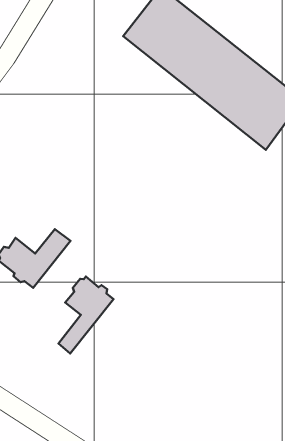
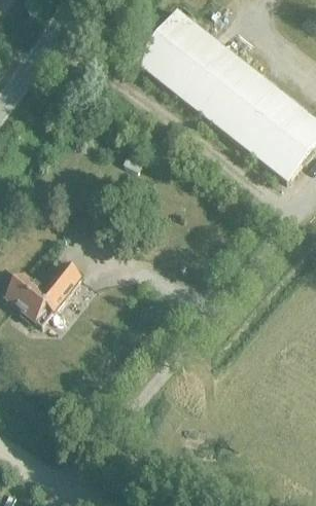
building: [58,277,113,354] -> none

